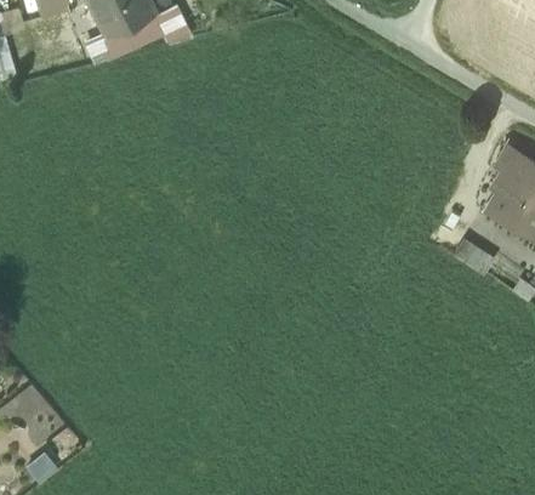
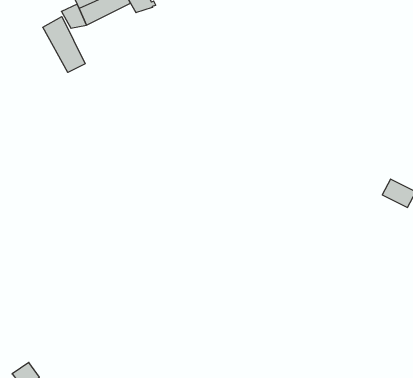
building: none -> [43,17,85,72]

